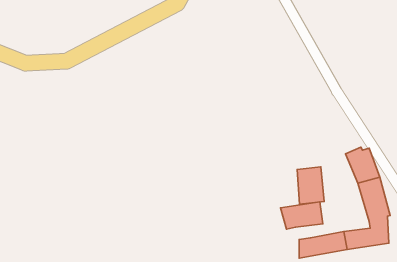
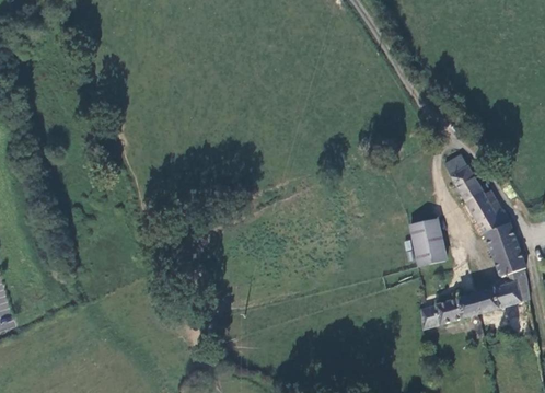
building: none -> [444,154,482,200]
building: [280,202,323,229] -> none

